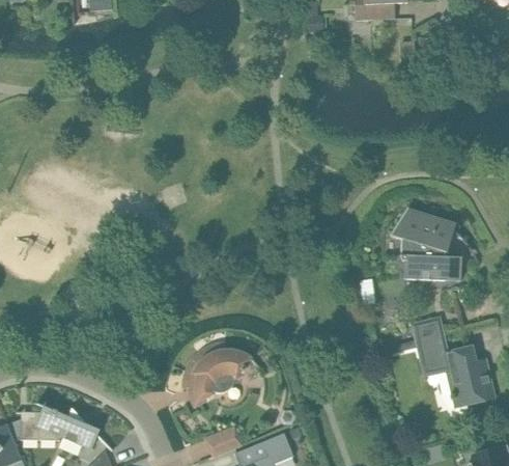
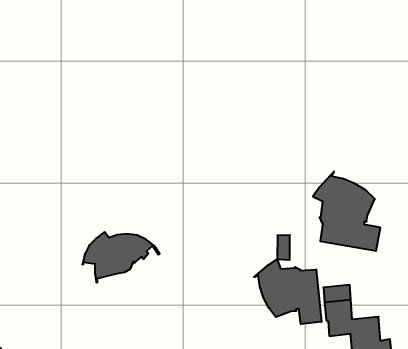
building: none -> [254,259,322,324]
building: [183,351,259,404] -> [82,232,160,283]

